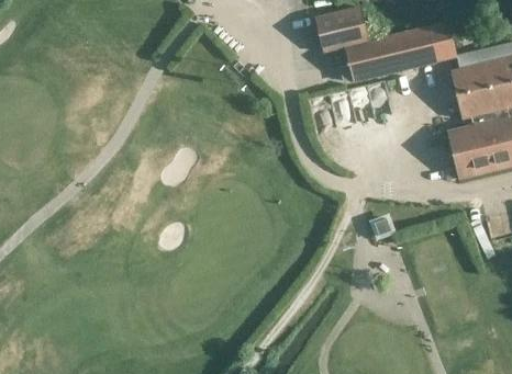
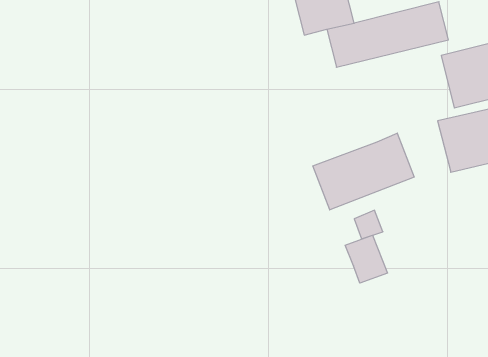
building: none -> [313,133,414,210]
building: none -> [345,235,387,283]

